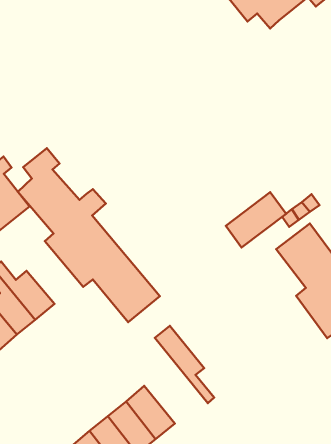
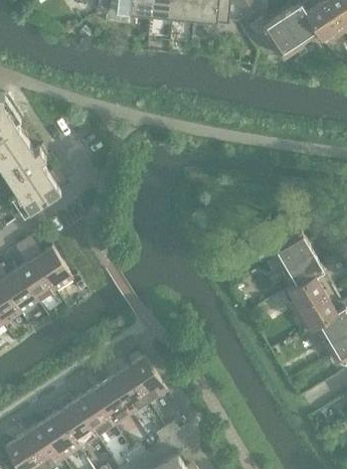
building: [18,148,160,322] -> none
building: [226,192,286,247] -> none
building: [155,326,214,403] -> none

